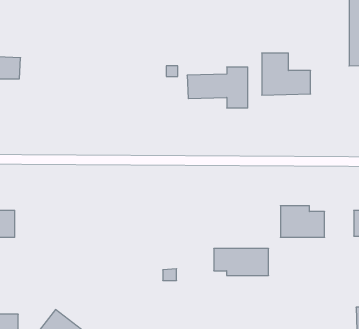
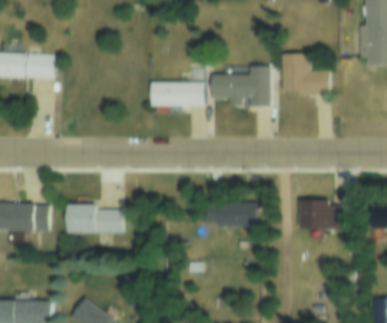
building: none -> [151,80,205,107]
building: none -> [66,204,121,232]
building: [214,249,269,275] -> [205,200,257,225]

